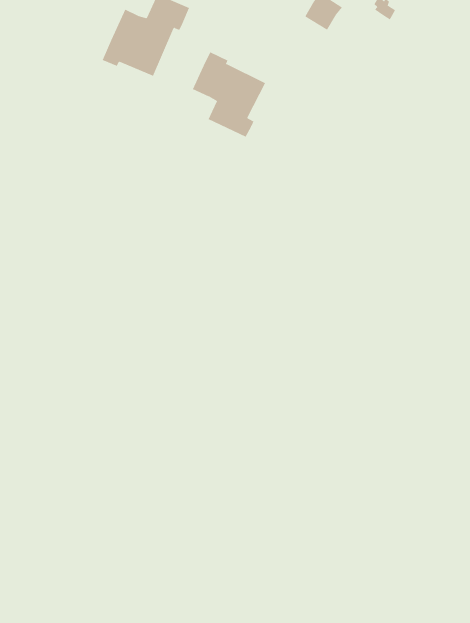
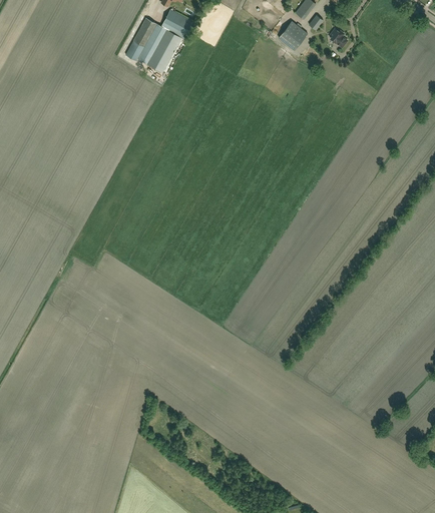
building: [192,51,266,138] -> none

